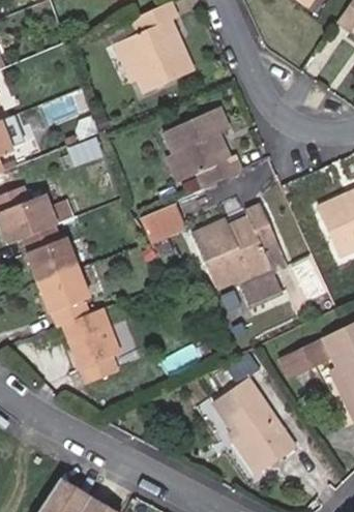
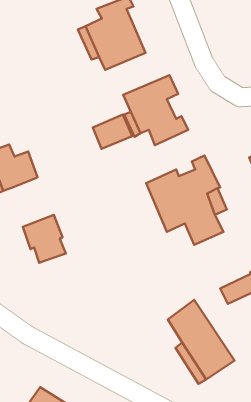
building: [137,203,184,244] -> [93,115,132,149]
building: [30,227,80,285] -> none
building: [67,312,122,385] -> none

